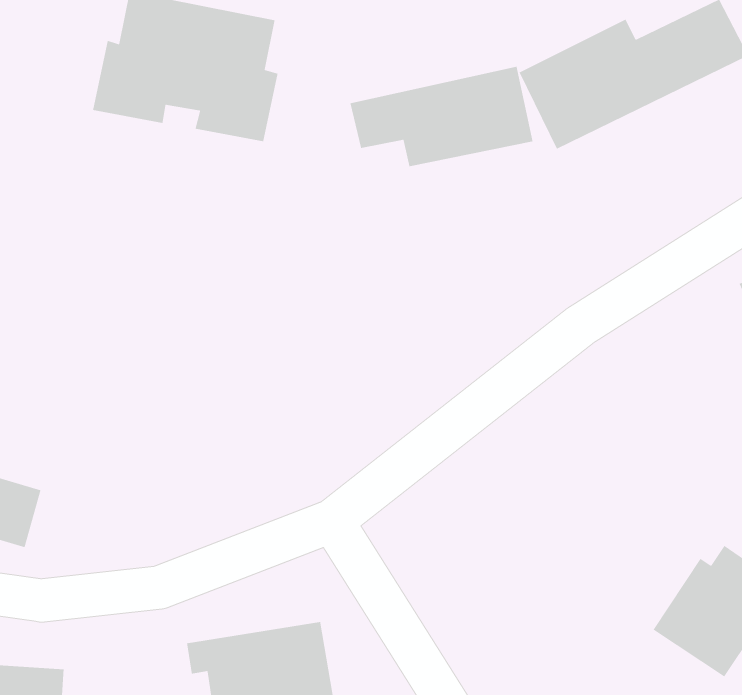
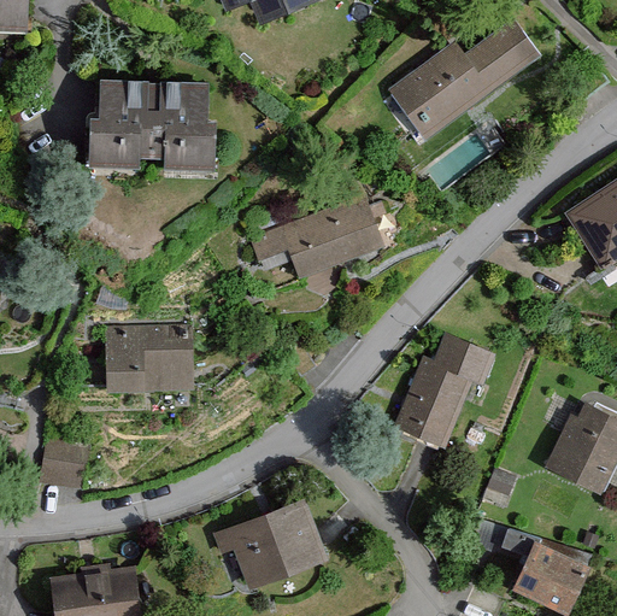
building: [350,66,534,167] -> [248,194,383,278]
building: none -> [104,324,194,391]
building: none -> [393,332,500,448]

